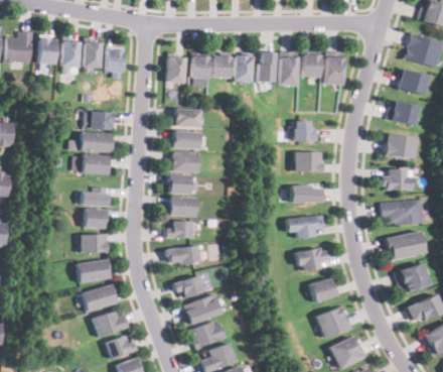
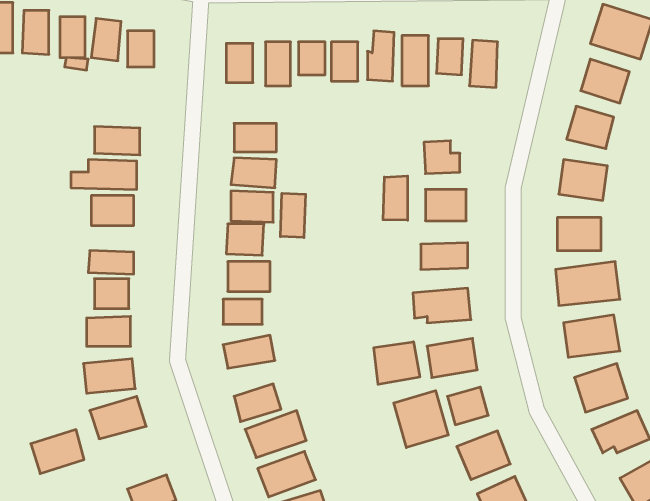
building: none -> [383,176,408,220]
building: none -> [280,193,306,238]
building: none -> [374,342,420,384]
building: none -> [394,391,448,448]
building: [93,309,127,338] -> [31,430,84,474]

